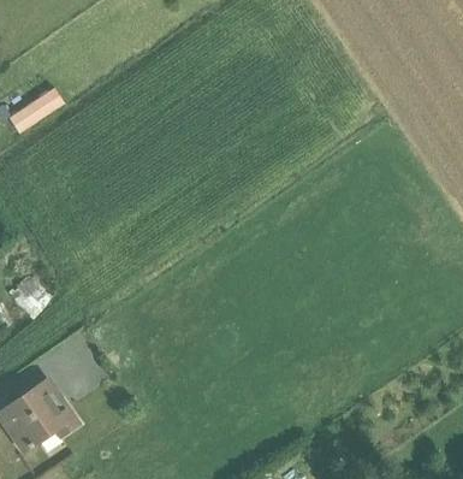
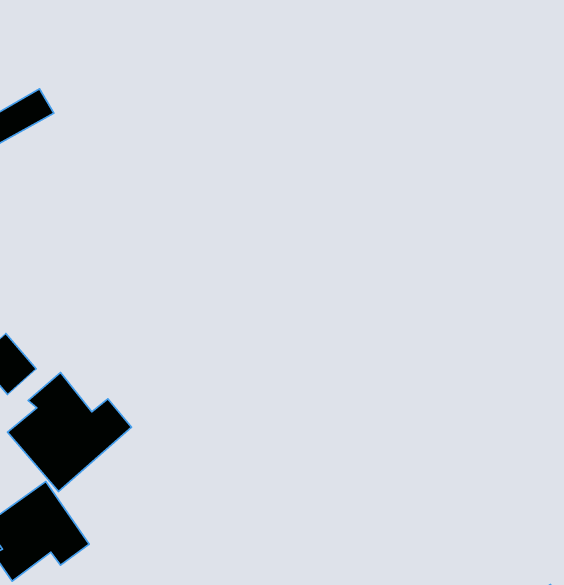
building: none -> [8,373,132,492]

